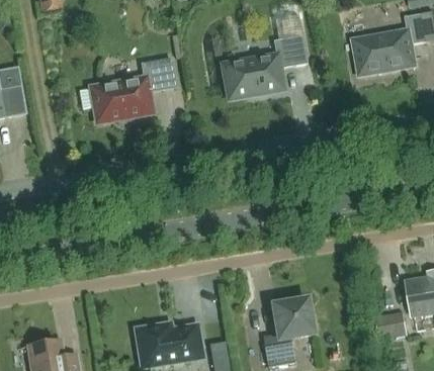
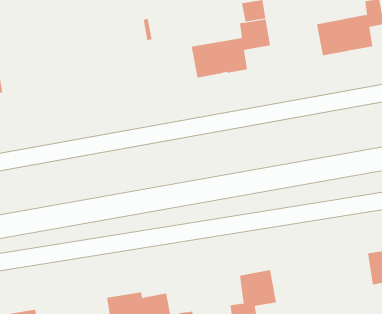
building: [79,58,175,120] -> none
building: [374,311,406,340] -> none

